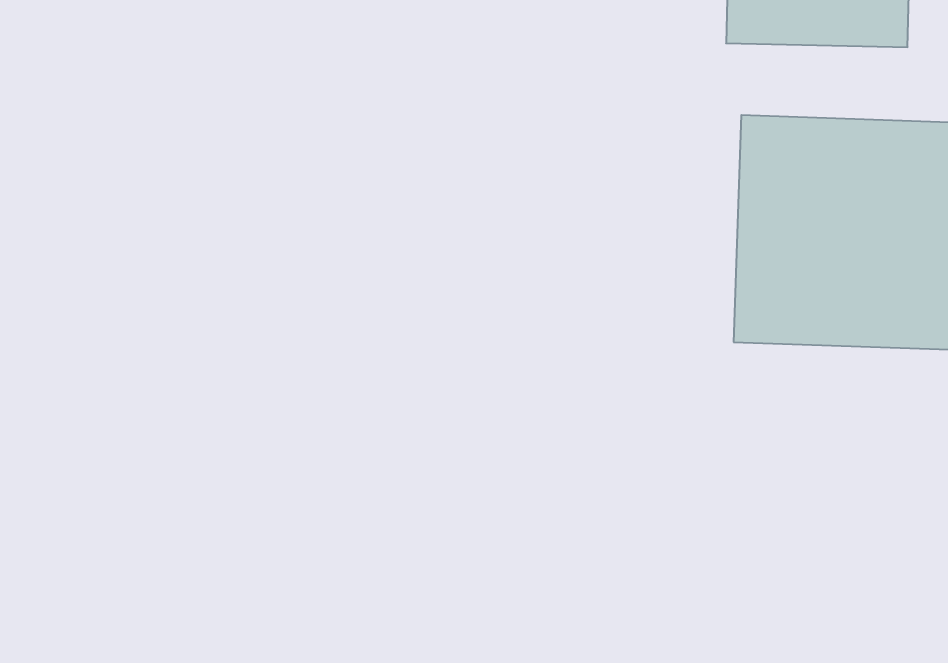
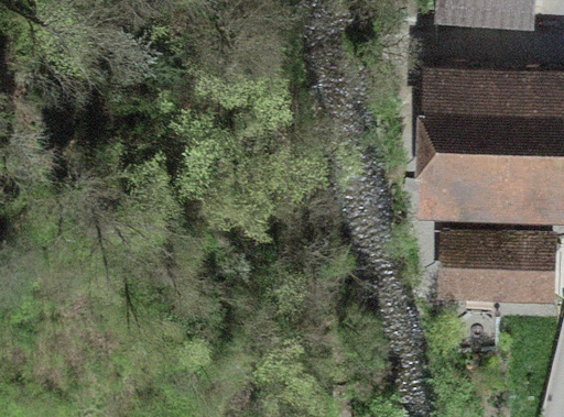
building: none -> [451,235,554,297]

